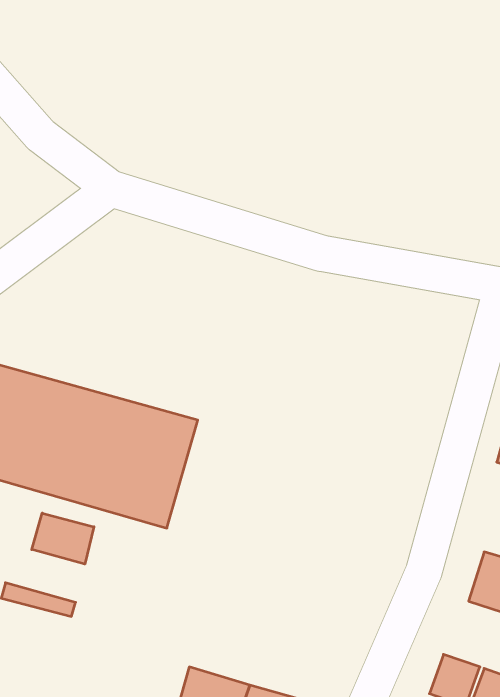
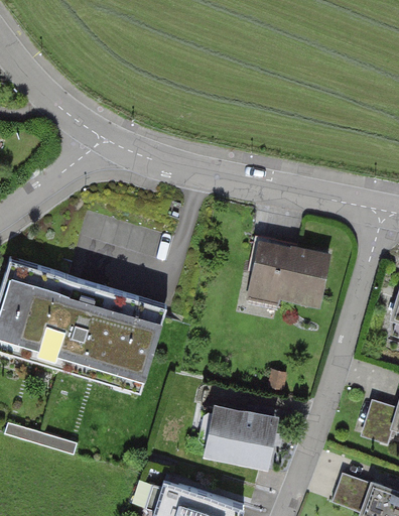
building: none -> [250,236,330,308]
building: [32,513,94,564] -> none
building: none -> [203,396,280,463]

